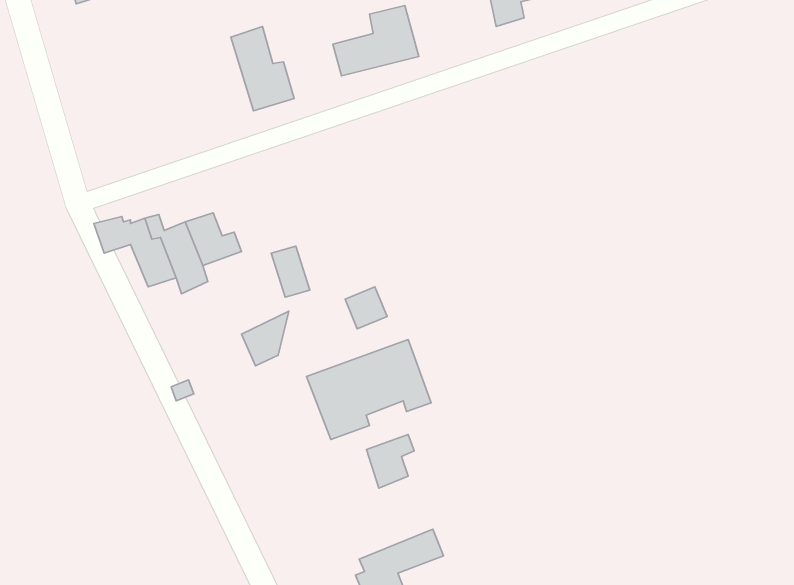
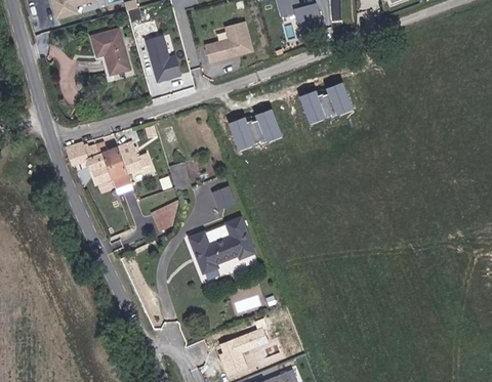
building: none -> [95,26,135,75]
building: none -> [303,82,358,125]
building: none -> [234,109,287,151]
building: [367,434,414,488] -> none

